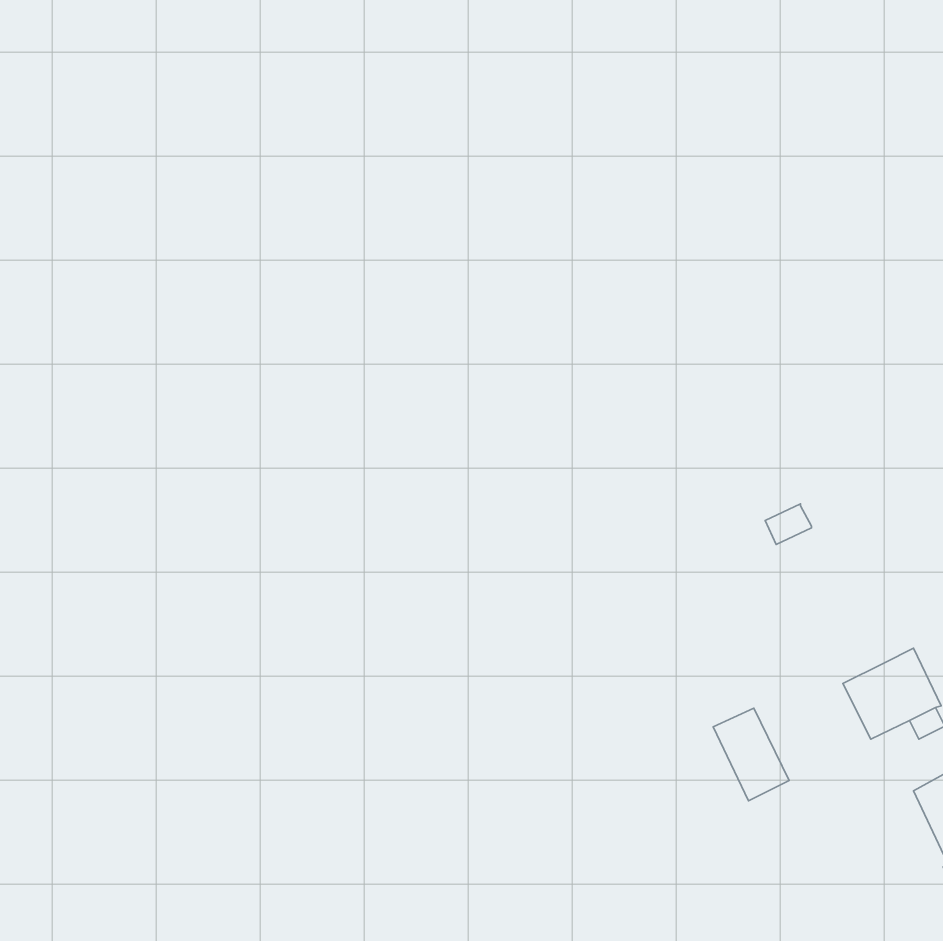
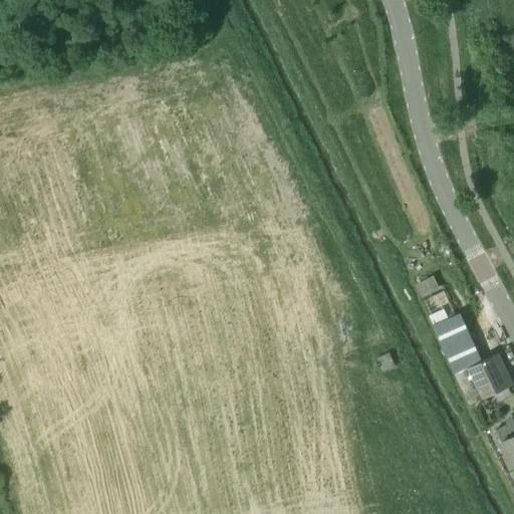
building: [713,708,789,801] -> [440,320,481,370]

